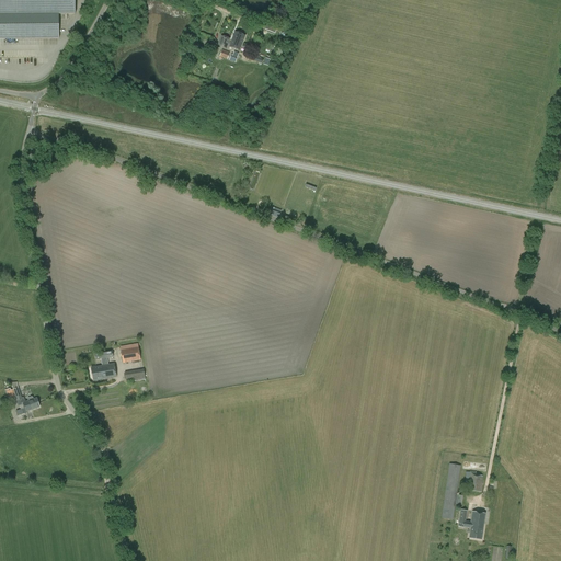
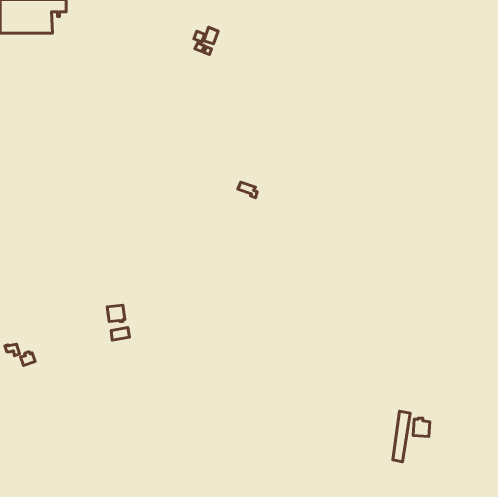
building: [91,350,116,380] -> none
building: [459,508,485,539] -> none

